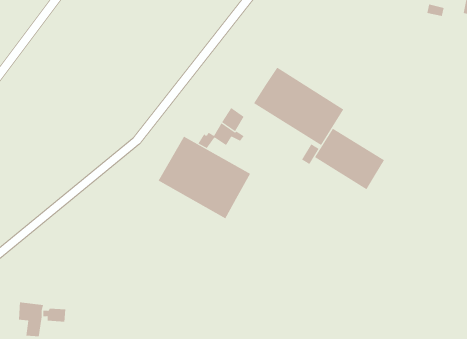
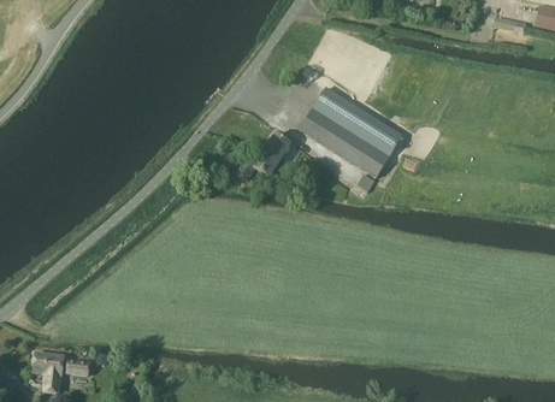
building: [314,128,385,190] -> none
building: [158,136,251,219] -> none

